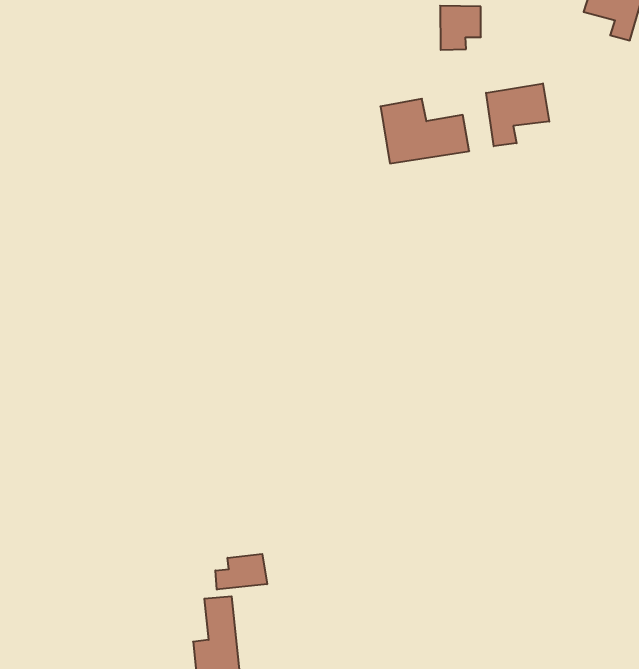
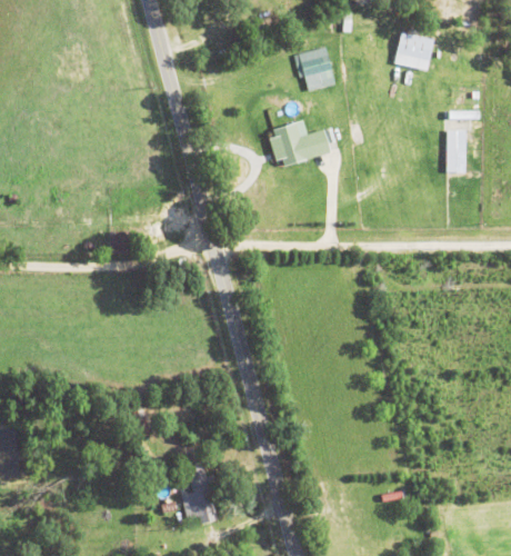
building: [486,83,549,146] -> none
building: [215,554,267,590] -> none

